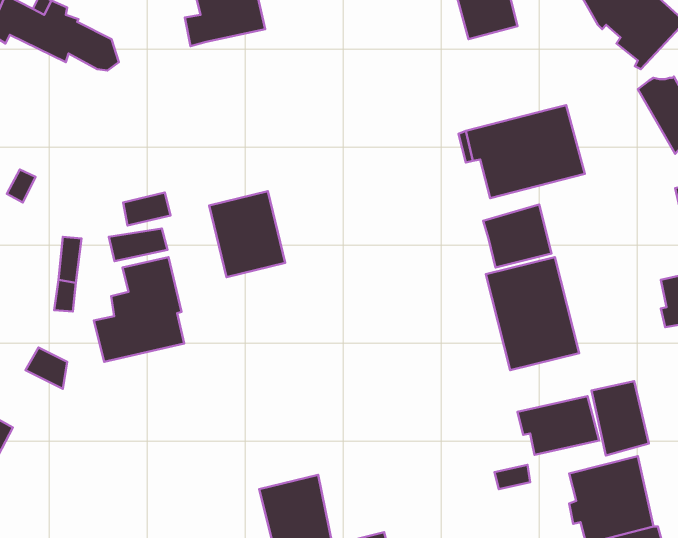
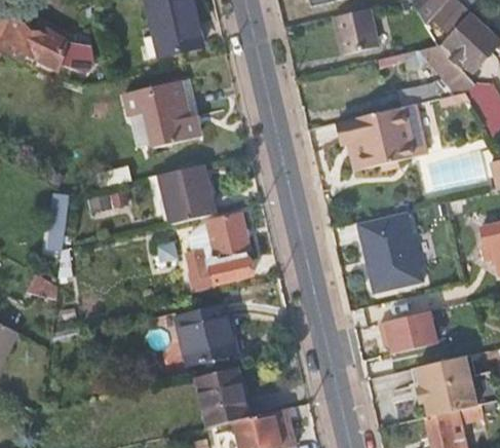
building: none -> [398,44,474,105]
building: none -> [125,80,198,148]
building: [483,204,552,267] -> none
building: [94,257,184,362] -> [186,215,251,290]
building: [592,381,649,455] -> none
building: none -> [177,305,235,367]

